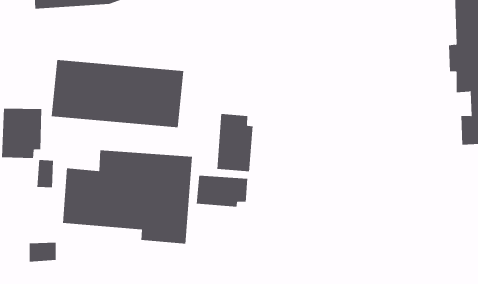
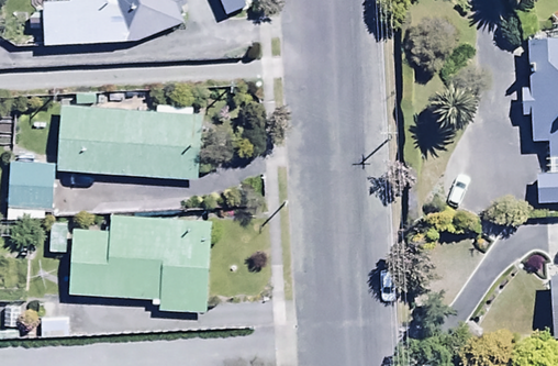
building: [217,113,253,172] -> none
building: [196,175,248,207] -> none

